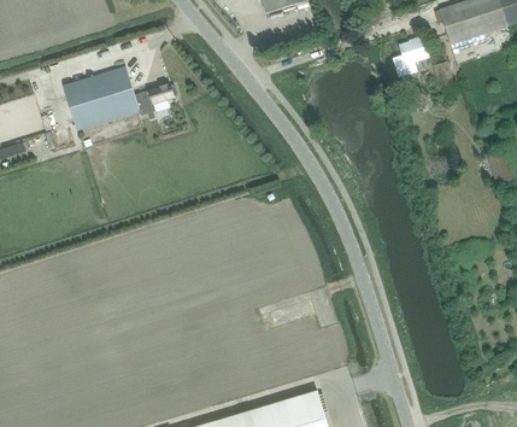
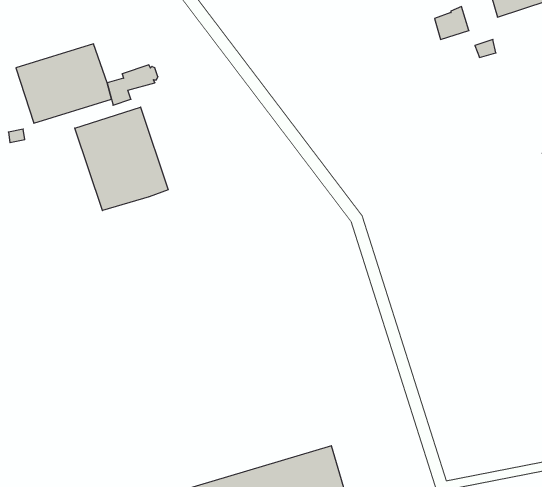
building: none -> [75,107,168,211]

